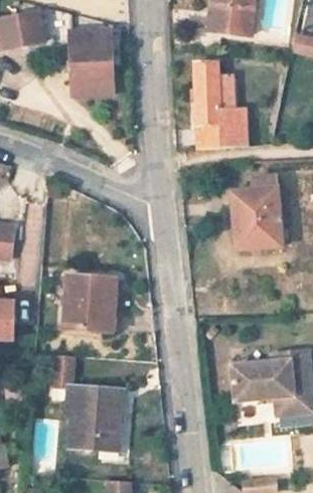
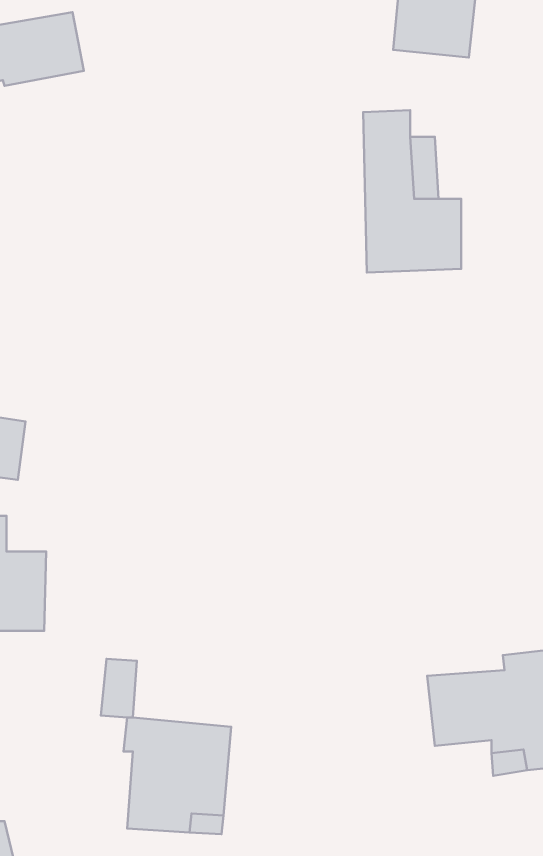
building: [70,29,112,95] -> none
building: [232,176,283,249] -> none
building: [63,275,116,331] -> none

